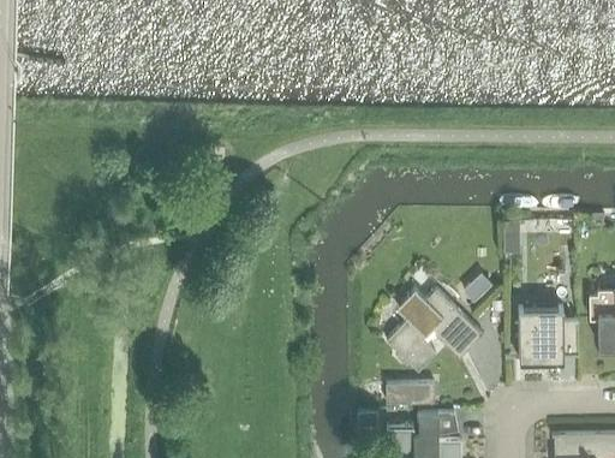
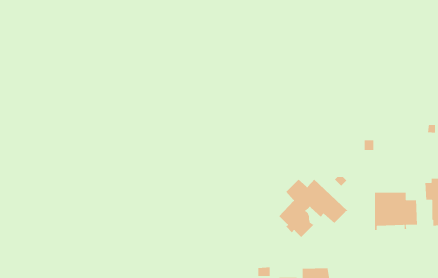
building: [387,382,435,403] -> none

